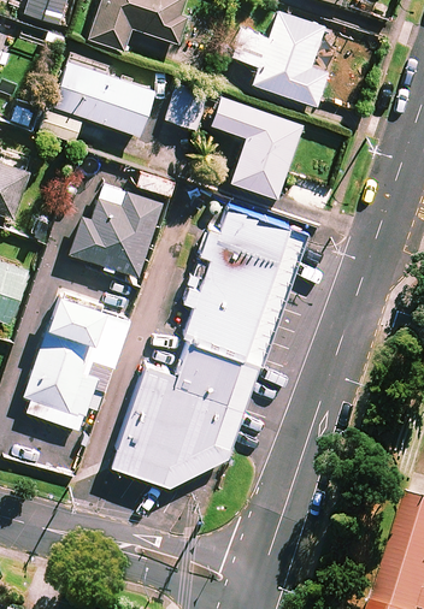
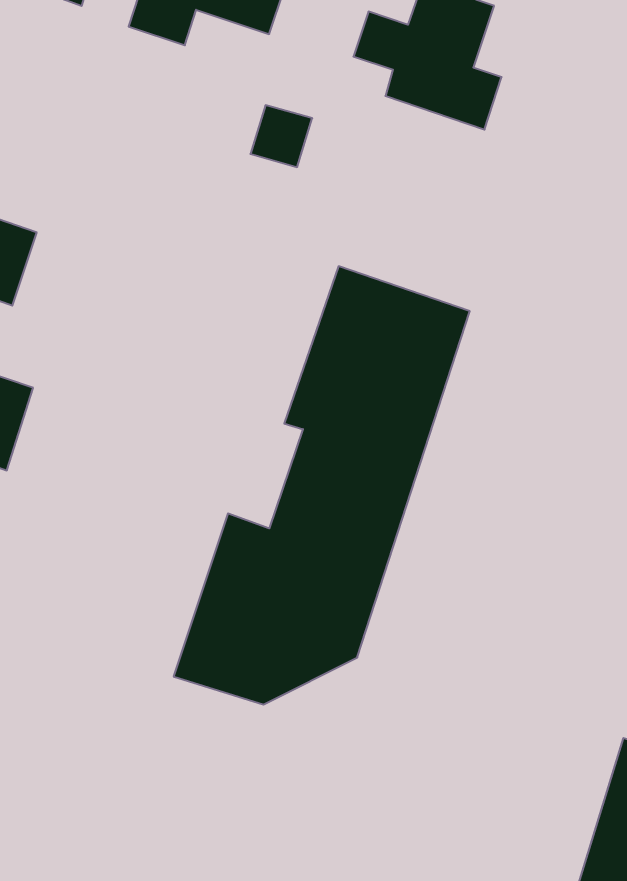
building: [42,61,153,143] -> none
building: [210,96,300,197] -> none
building: [69,184,160,276] -> none
building: [18,290,128,430] -> none

